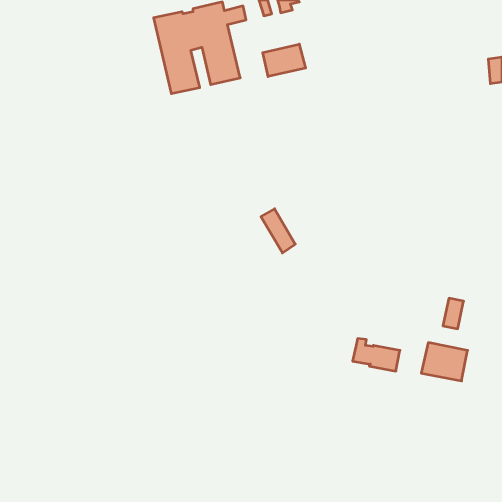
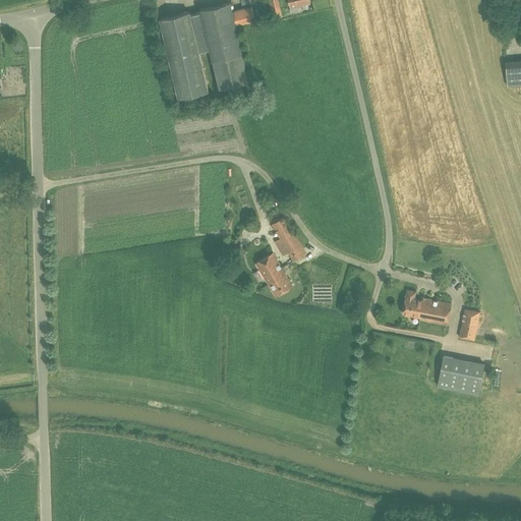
building: [263,44,306,77] -> none
building: none -> [254,253,291,296]
building: [353,339,400,371] -> [401,291,450,325]

